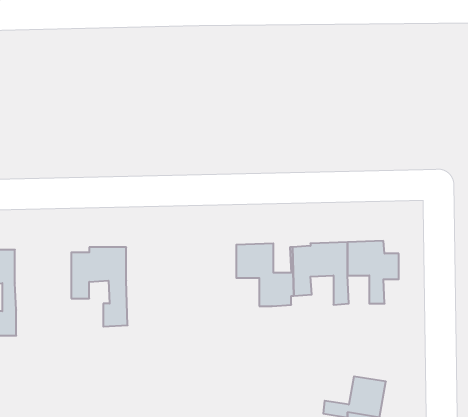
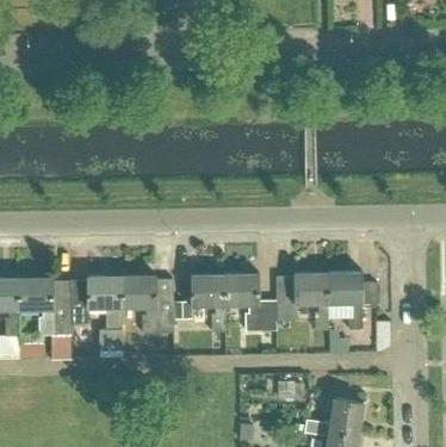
building: none -> [190,274,225,333]
building: none -> [122,275,173,334]
building: none -> [18,278,70,336]

